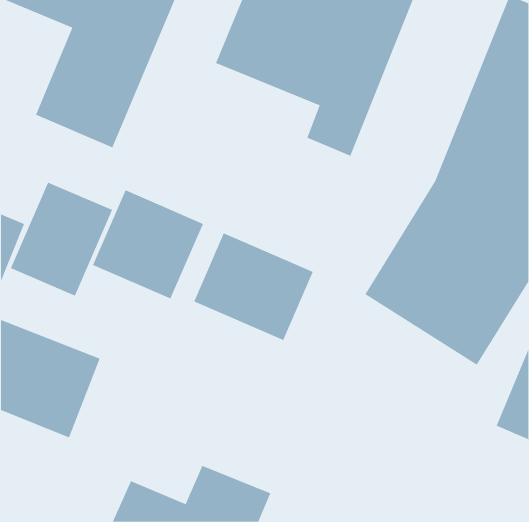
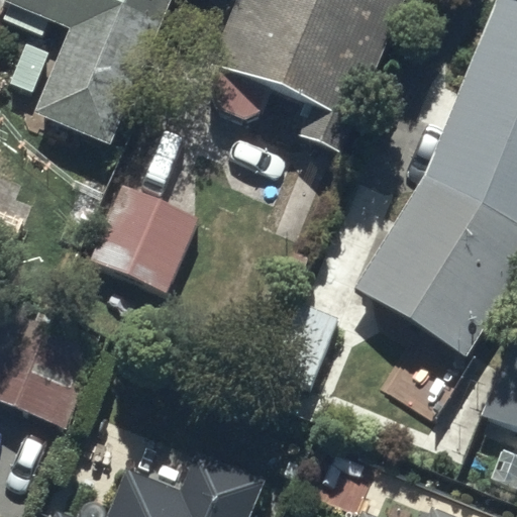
building: [10,182,113,296] -> none
building: [193,233,314,341] -> none

